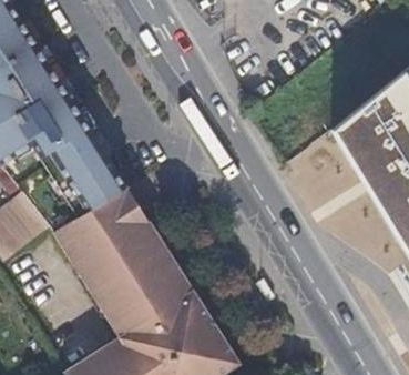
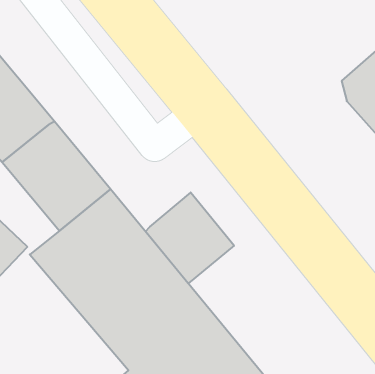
building: none -> [146,192,234,283]

